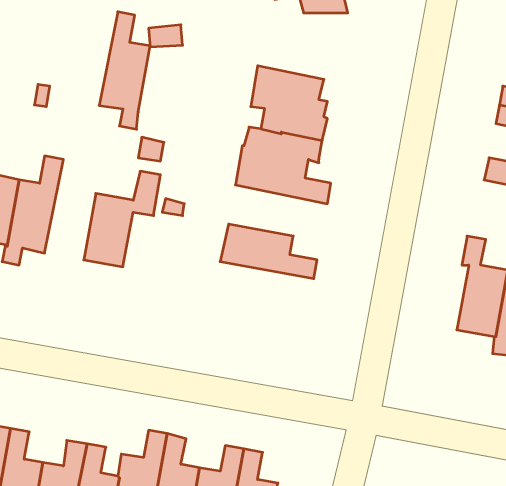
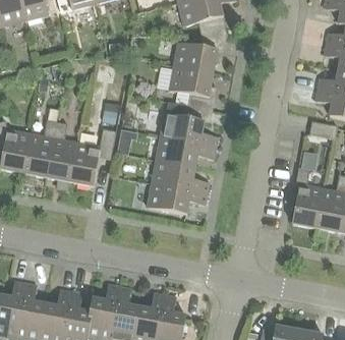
building: [99,12,150,129] -> [46,121,76,191]
building: none -> [173,34,227,73]
building: none -> [156,136,215,167]
building: none -> [147,182,207,214]

